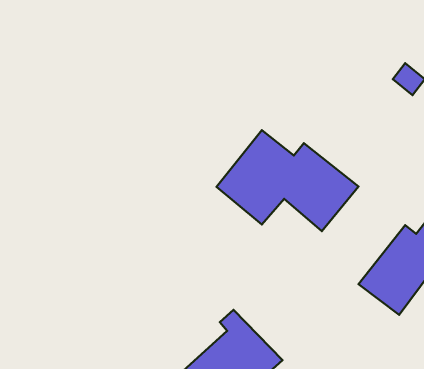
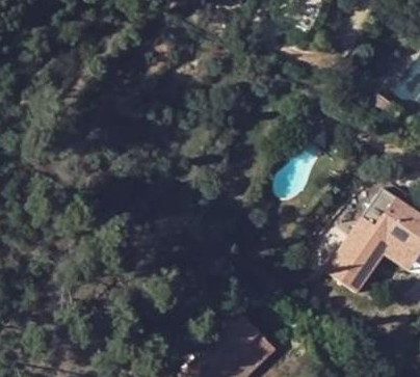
building: [217,130,359,231] -> none

